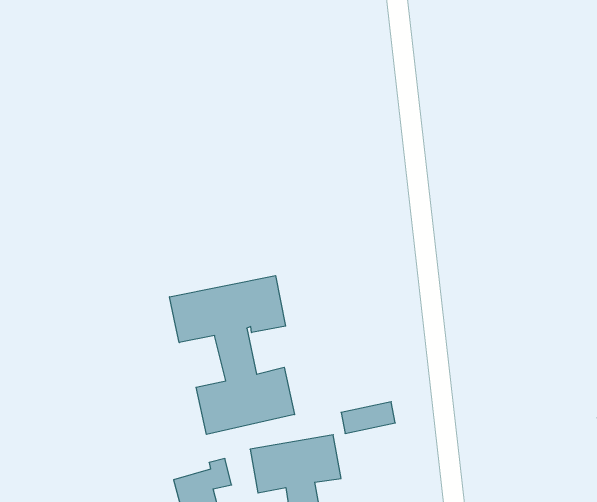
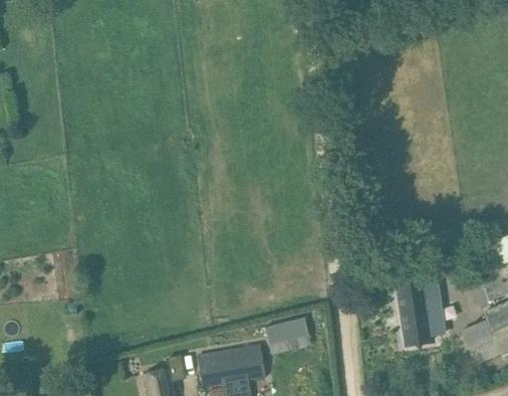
building: [170,276,295,434] -> none
building: none -> [396,275,444,345]

